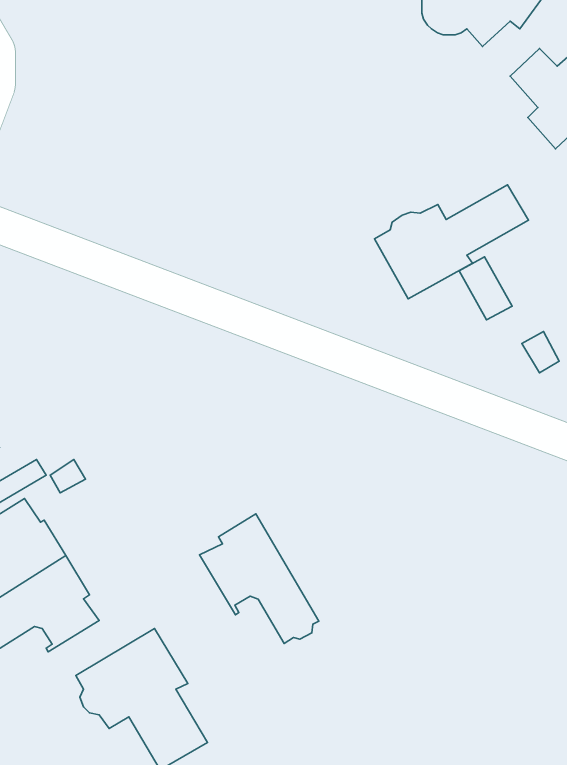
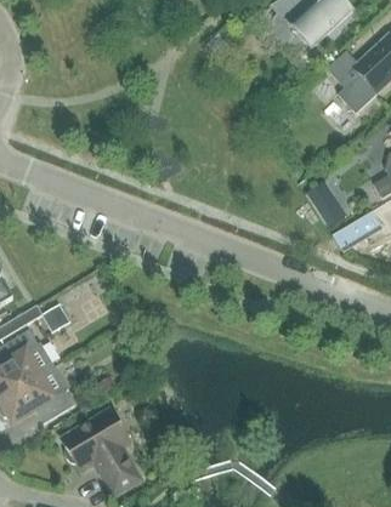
building: [374,185,528,299] -> none
building: [199,514,319,643] -> none

